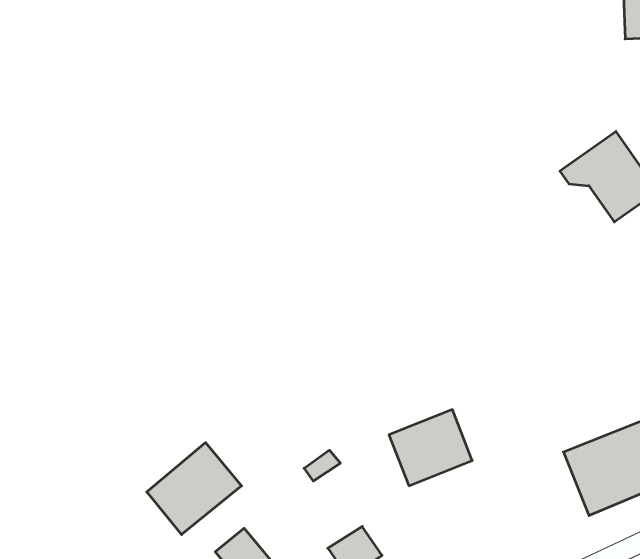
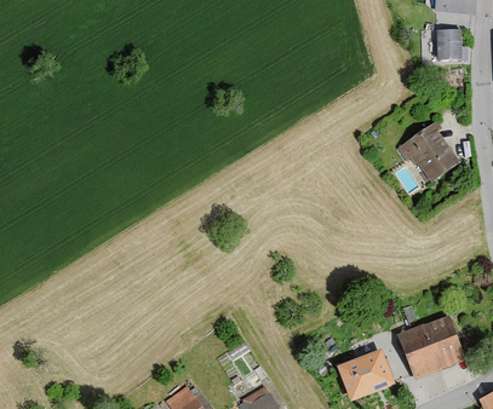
building: [389,410,472,486] -> [339,348,395,399]
building: [147,443,242,535] -> none

